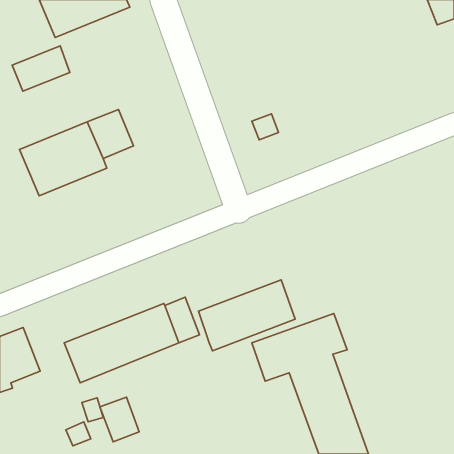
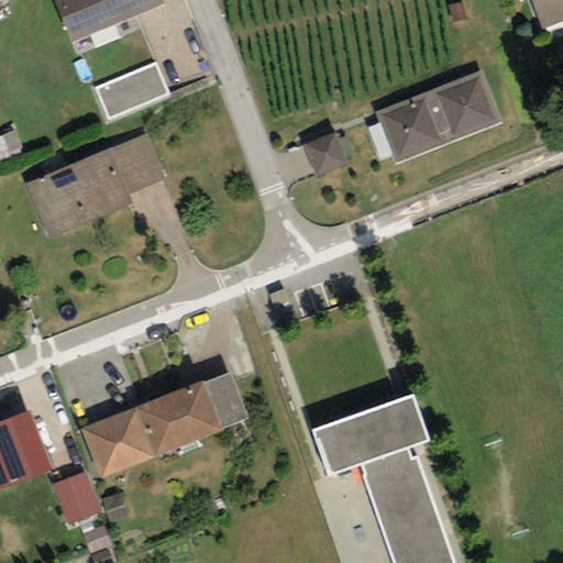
building: [12,46,70,91] -> [95,63,166,119]
building: none -> [374,73,500,166]
building: [198,280,295,351] -> none
building: [100,397,139,442] -> [49,468,98,523]

